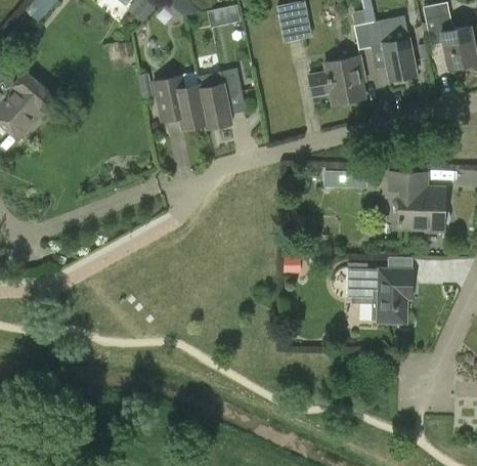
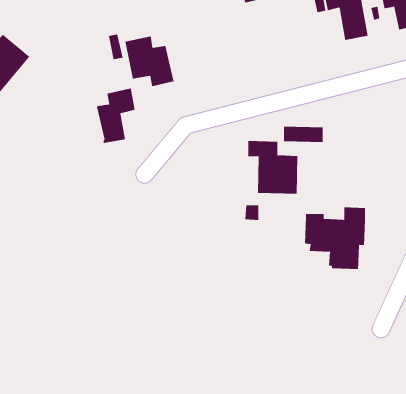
building: [309,56,364,104] -> none
building: [200,68,242,127] -> [96,88,135,143]
building: [388,171,442,228] -> [247,140,298,194]

